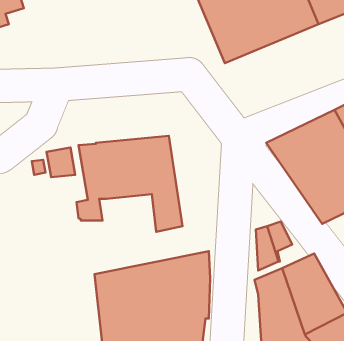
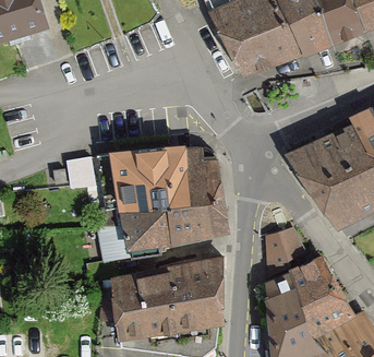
building: none -> [184,147,227,234]
building: none -> [100,203,172,261]

